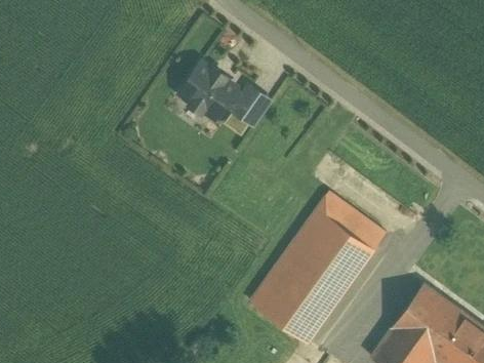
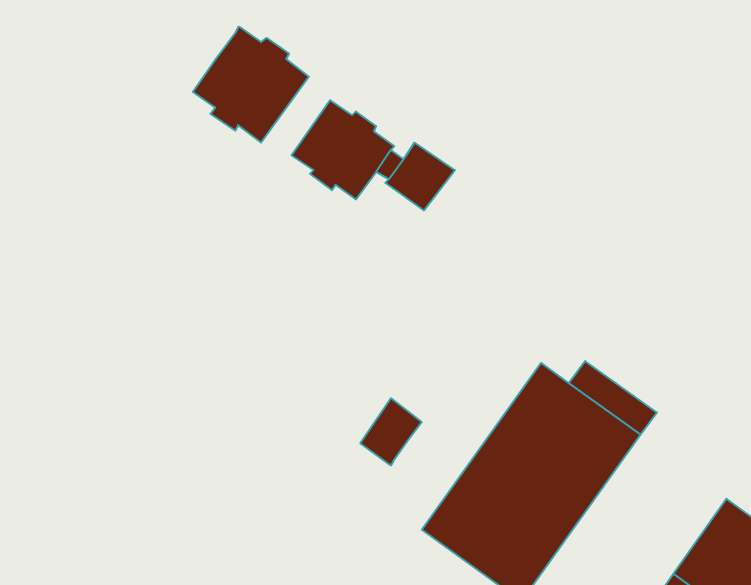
building: none -> [193,27,309,143]
building: none -> [360,398,422,465]

